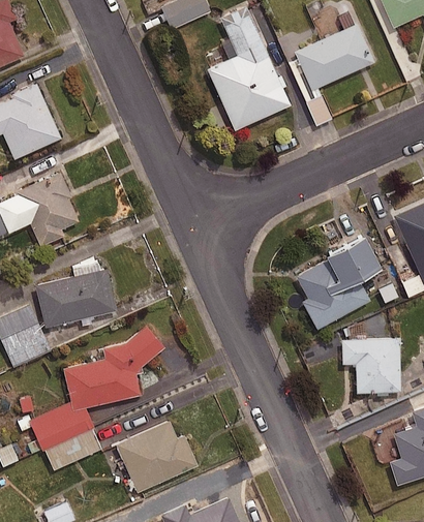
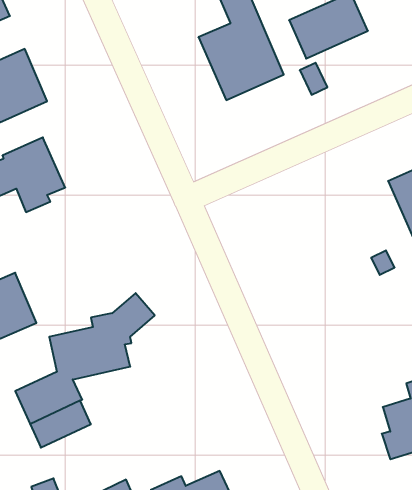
building: [292,232,378,329] -> none
building: [36,264,117,327] -> none
building: [340,338,400,395] -> none
building: [118,420,199,491] -> none

